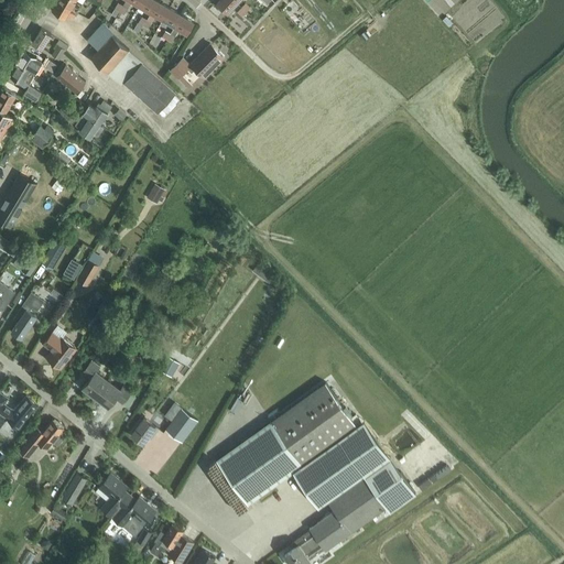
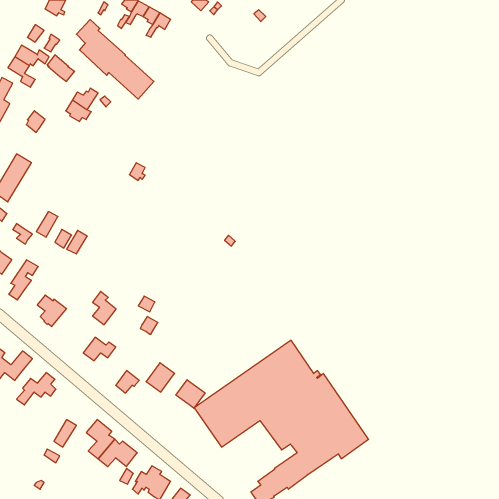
building: [169,45,221,90] -> none
building: [80,361,107,399] -> [93,291,116,325]
building: none -> [176,380,205,408]

